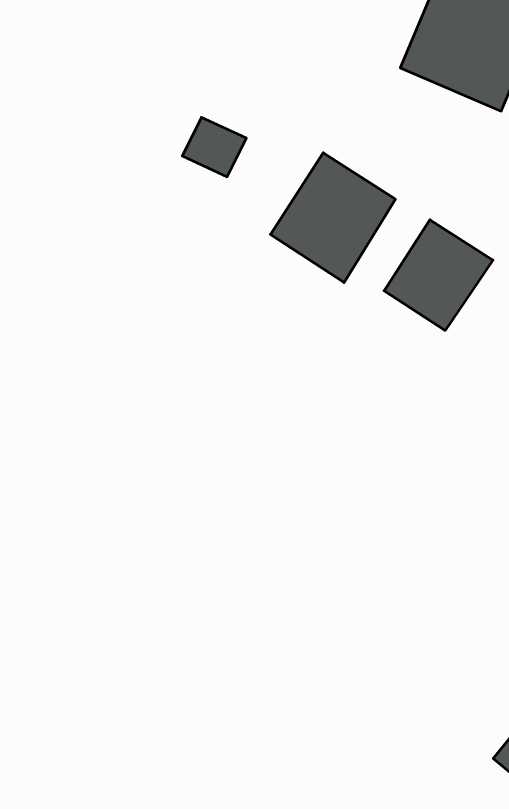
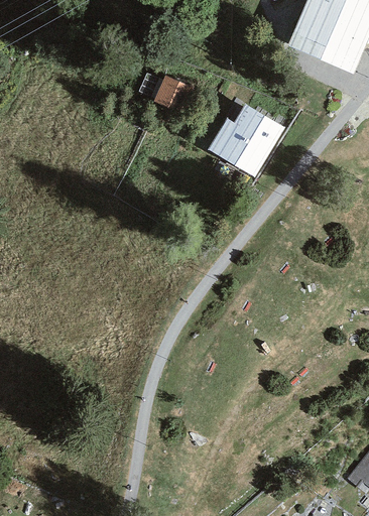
building: [384,220,493,330] -> none

